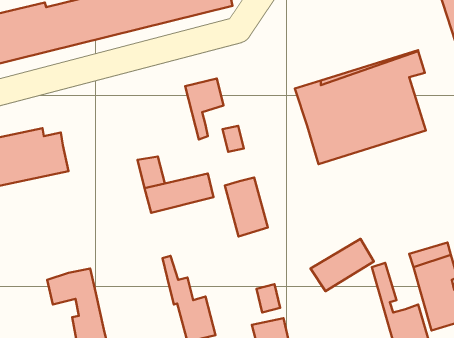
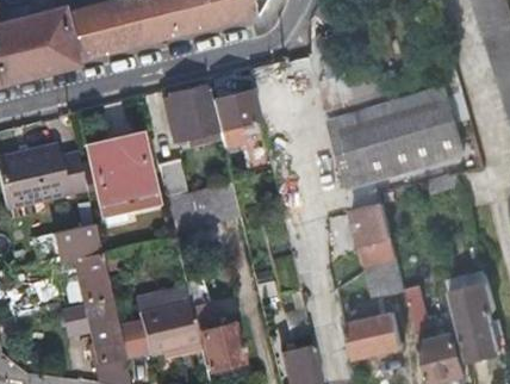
building: none -> [162,87,213,140]
building: none -> [81,138,153,216]
building: [225,178,268,236] -> [350,204,396,266]
building: none -> [57,223,110,298]
building: none -> [116,303,200,358]
building: none -> [344,314,405,361]

